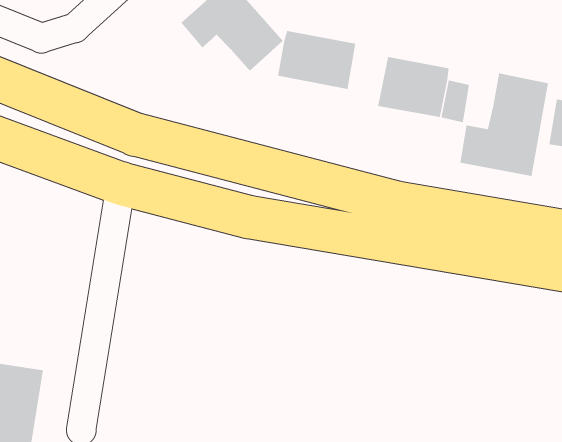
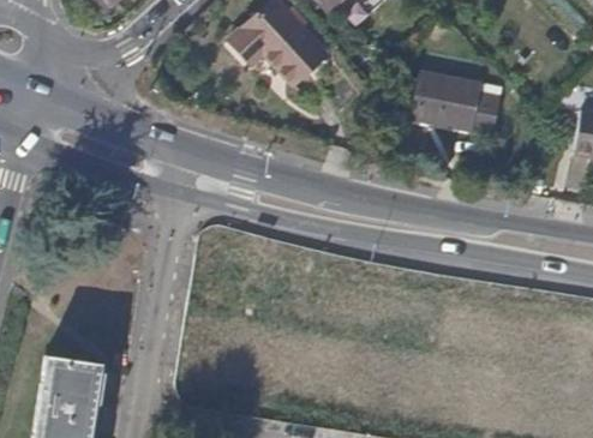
building: [277,30,356,90] -> none
building: [460,72,549,177] -> none

